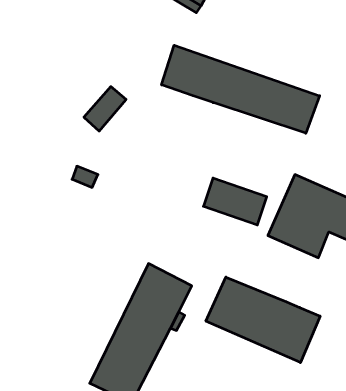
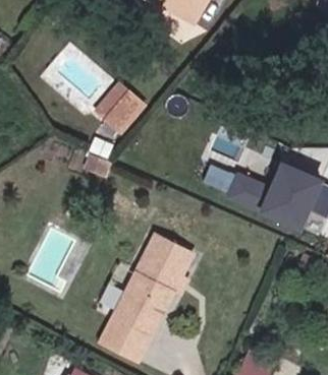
building: [162,45,320,133] -> none
building: [206,277,320,363] -> none

